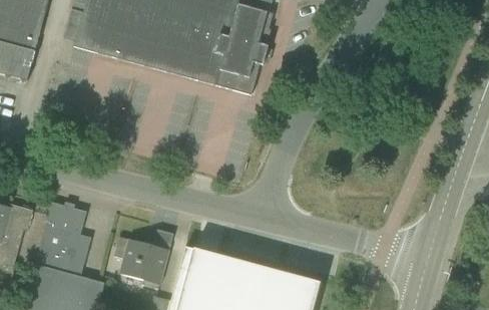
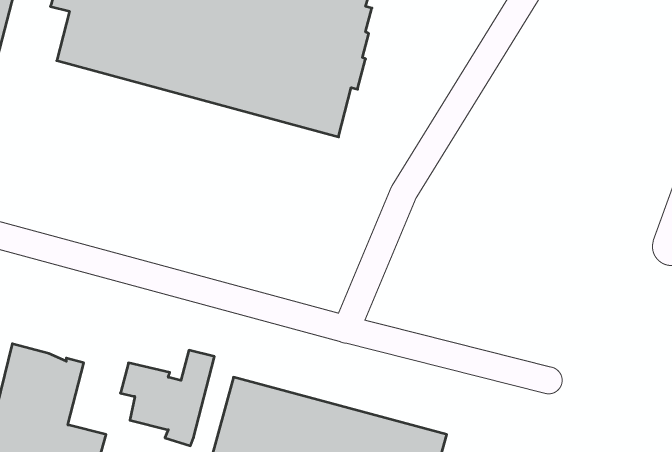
building: [45,202,86,236] -> none

